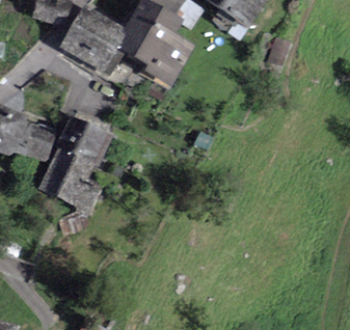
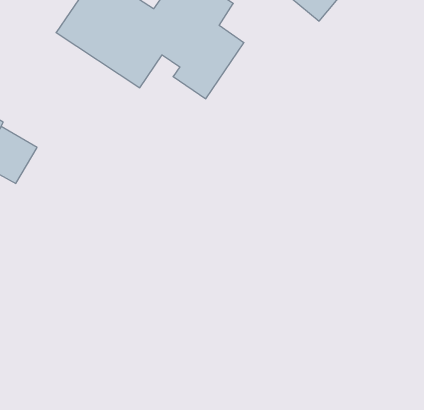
building: [38,117,111,211] -> none

